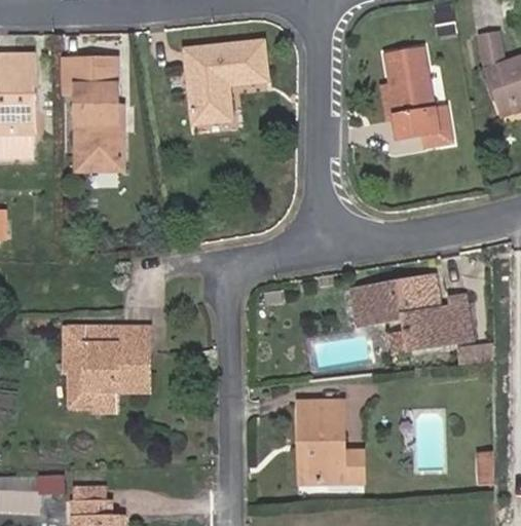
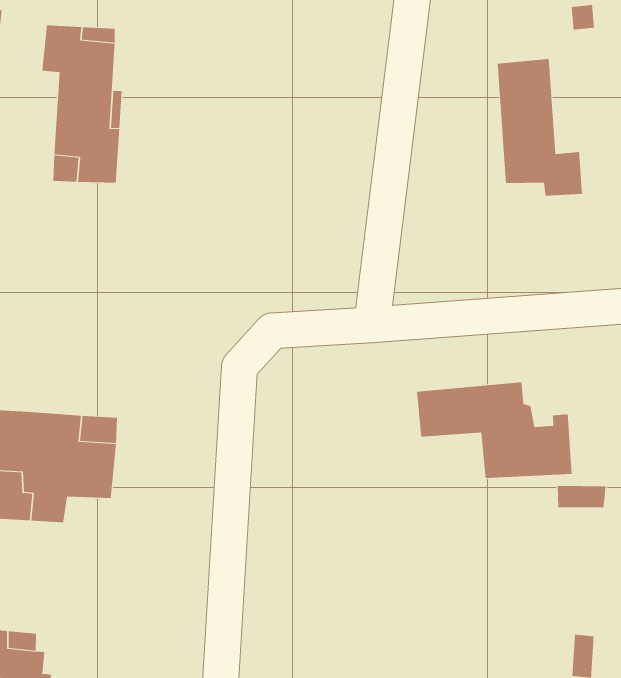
building: [184,41,267,122] -> none
building: [301,403,366,479] -> none

